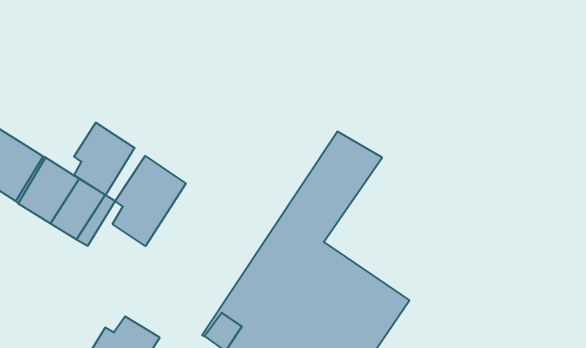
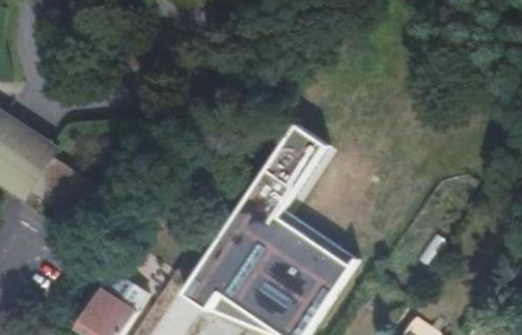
building: [74,123,135,195] -> none
building: [113,156,186,246] -> none

